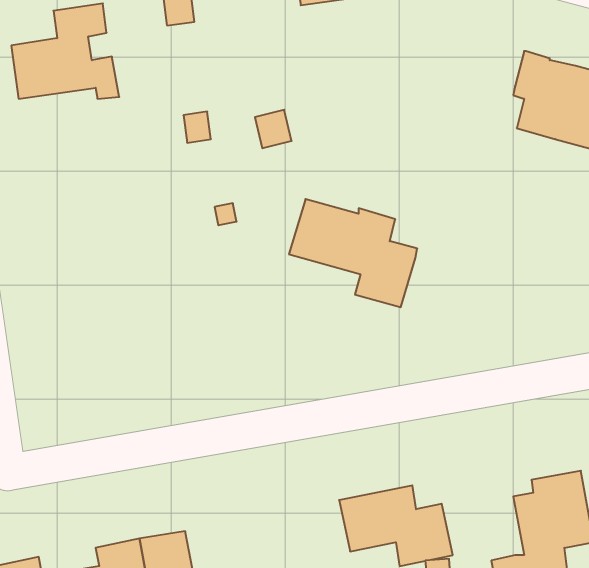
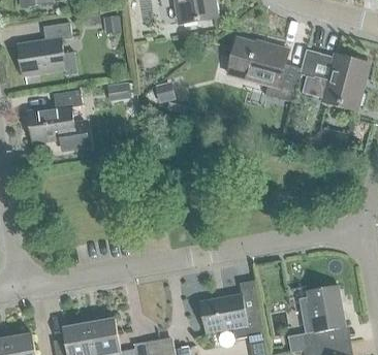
building: none -> [26,90,87,150]
building: [289,199,417,307] -> [227,40,300,101]

